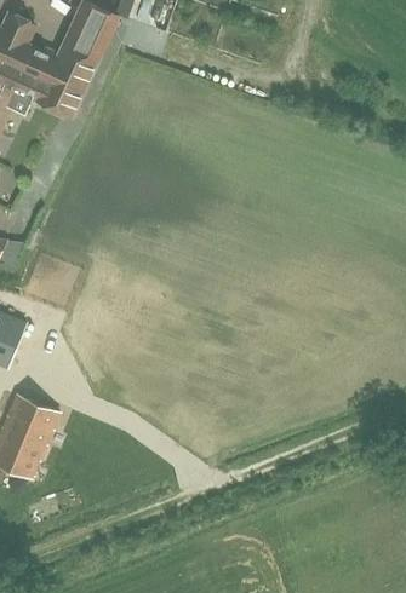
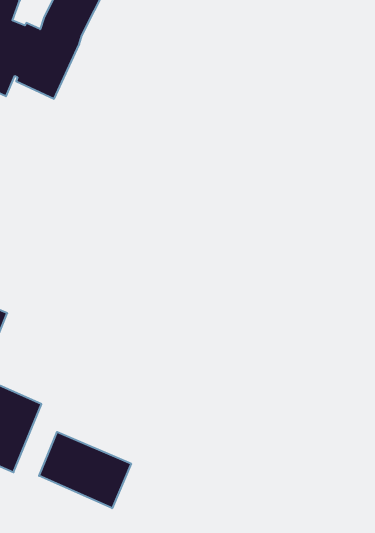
building: none -> [39,432,131,508]

